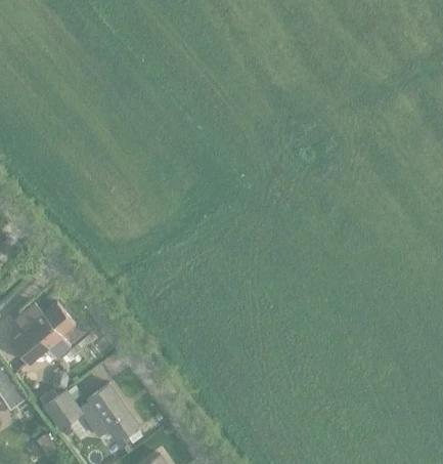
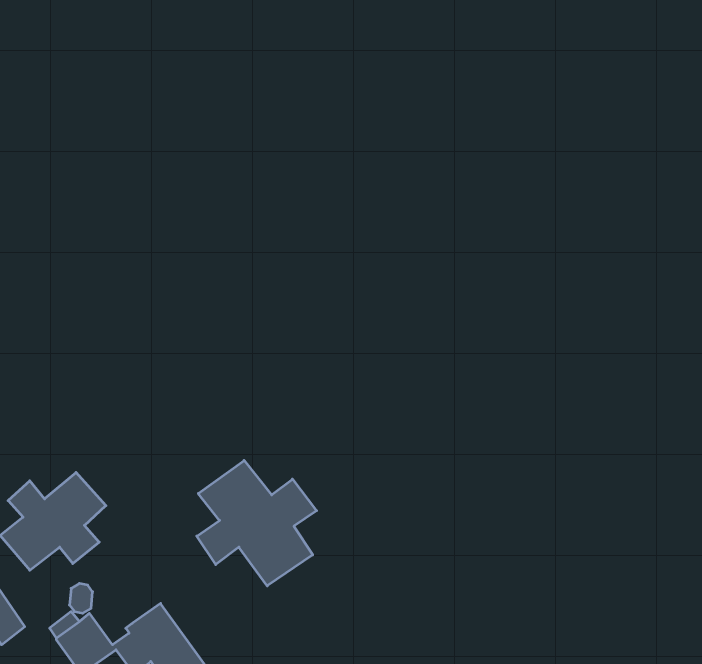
building: none -> [197,460,317,586]

